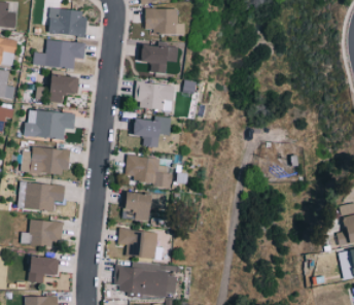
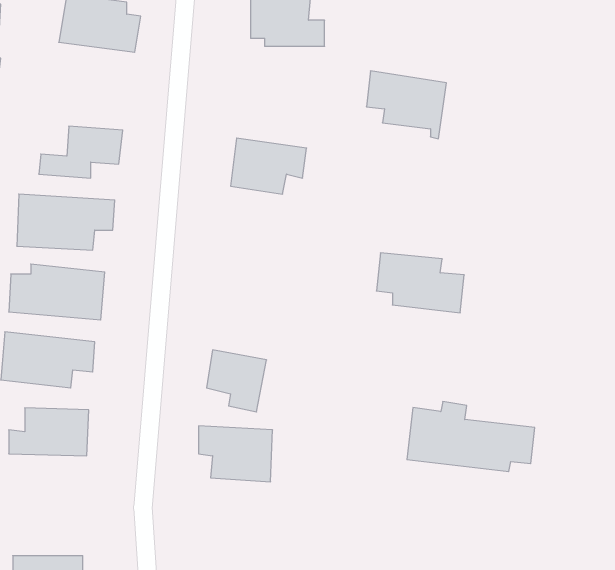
building: [33,40,85,68] -> none
building: [143,43,184,78] -> [366,71,446,139]
building: [135,116,172,147] -> none
building: [126,156,171,187] -> [376,253,464,313]
building: [30,257,59,283] -> none
building: [113,262,179,298] -> [407,402,535,472]

